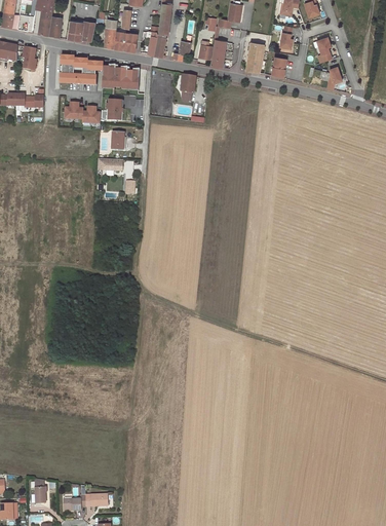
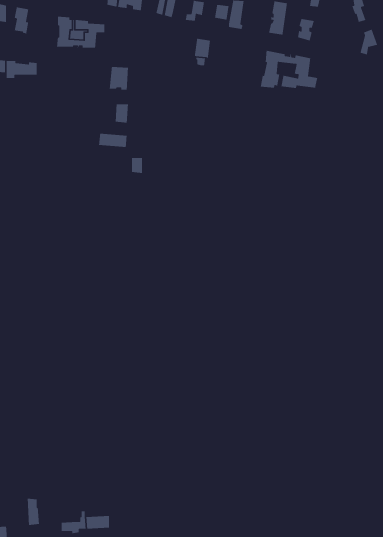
building: [102,63,140,87] -> none
building: none -> [260,50,318,89]
building: [65,102,101,122] -> none

